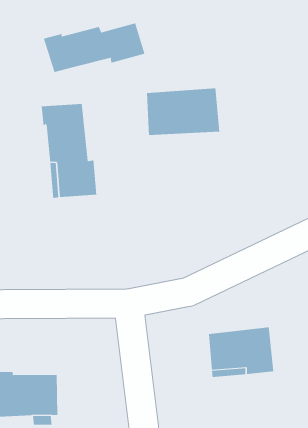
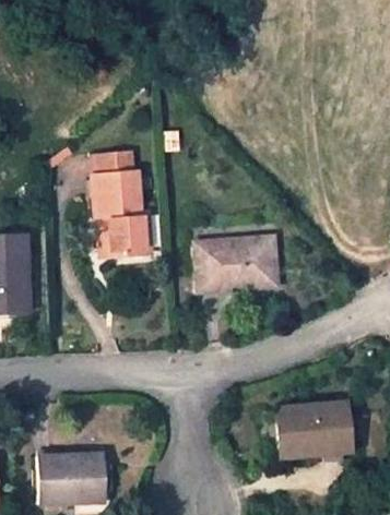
building: [43,22,145,73] -> none
building: [146,88,220,136] -> [196,235,279,288]

